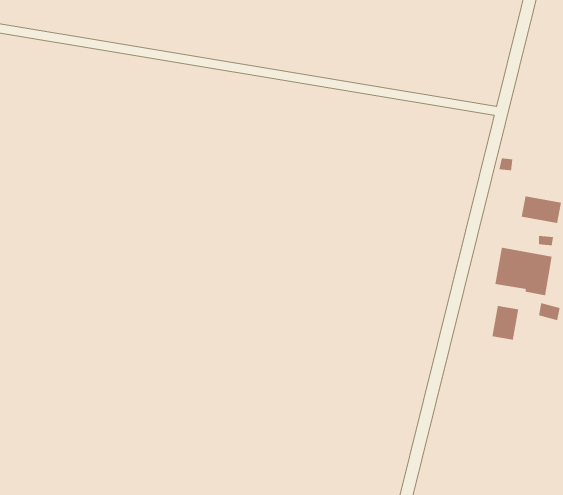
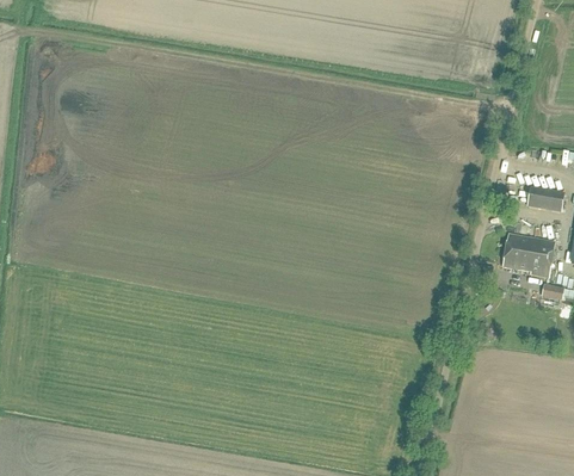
building: [492,305,519,340] -> none

